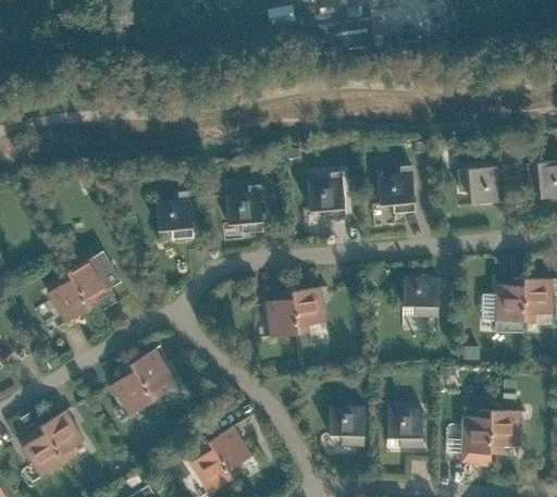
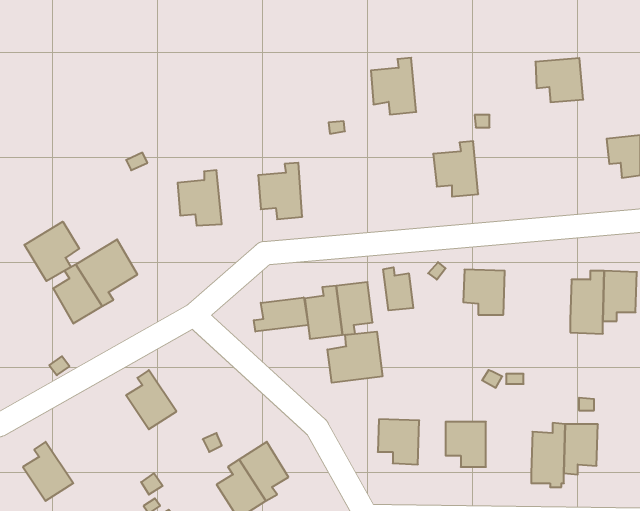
building: [458,165,499,203] -> [535,58,583,102]
building: [307,171,346,220] -> [371,58,416,114]
building: none -> [24,222,79,281]
building: none -> [383,267,413,310]
building: none -> [254,297,308,332]
building: none -> [327,332,382,383]
building: [131,348,173,399] -> none
building: [41,410,84,461] -> none

